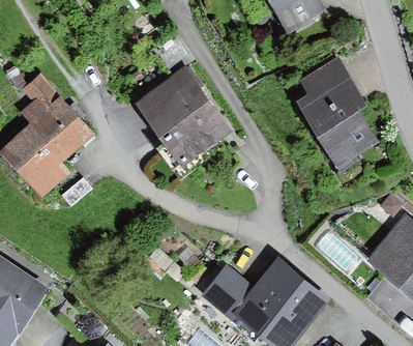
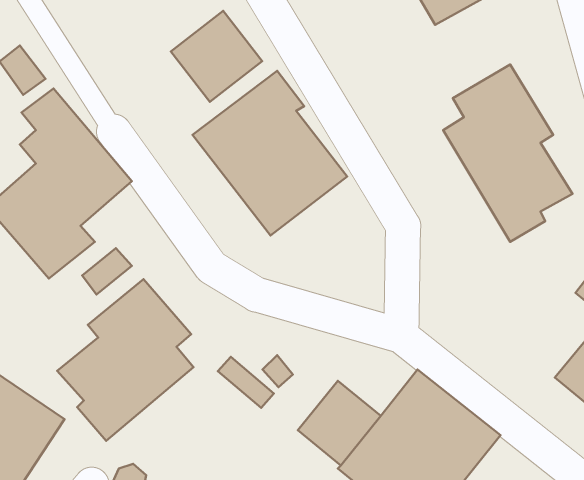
building: none -> [171,11,262,102]
building: none -> [57,279,193,441]

